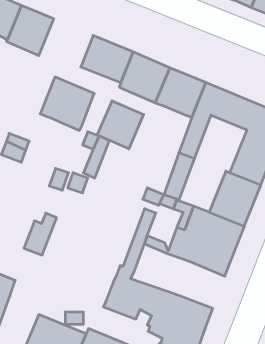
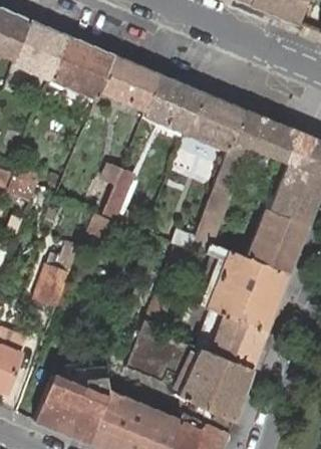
building: [40,77,94,130] -> [52,35,114,96]
building: [97,101,144,149] -> none
building: none -> [210,313,266,368]

